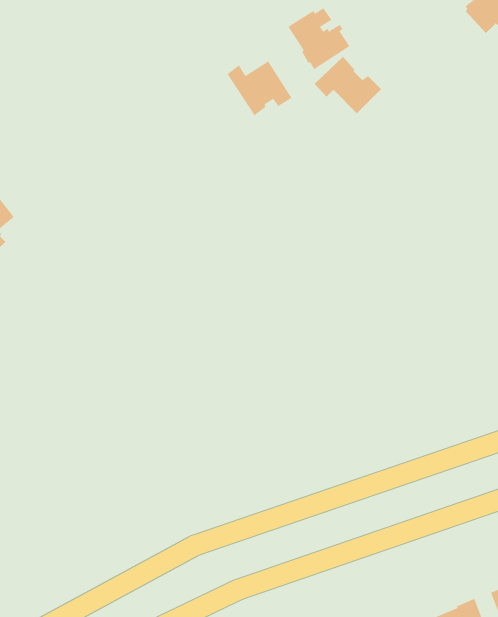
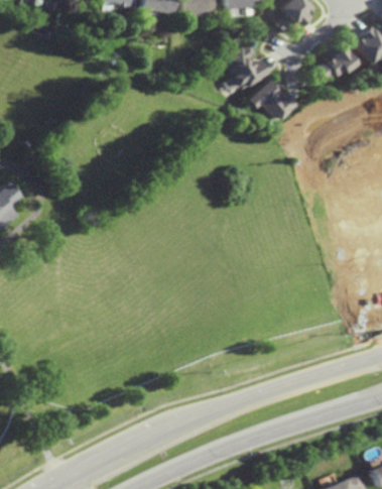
building: none -> [315,45,359,80]
building: [227,61,292,116] -> none

